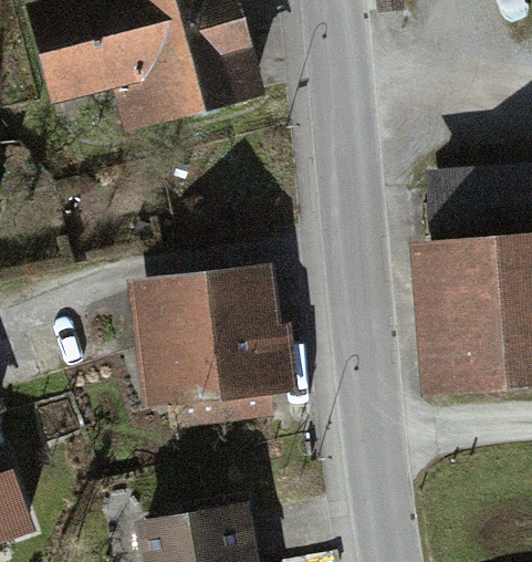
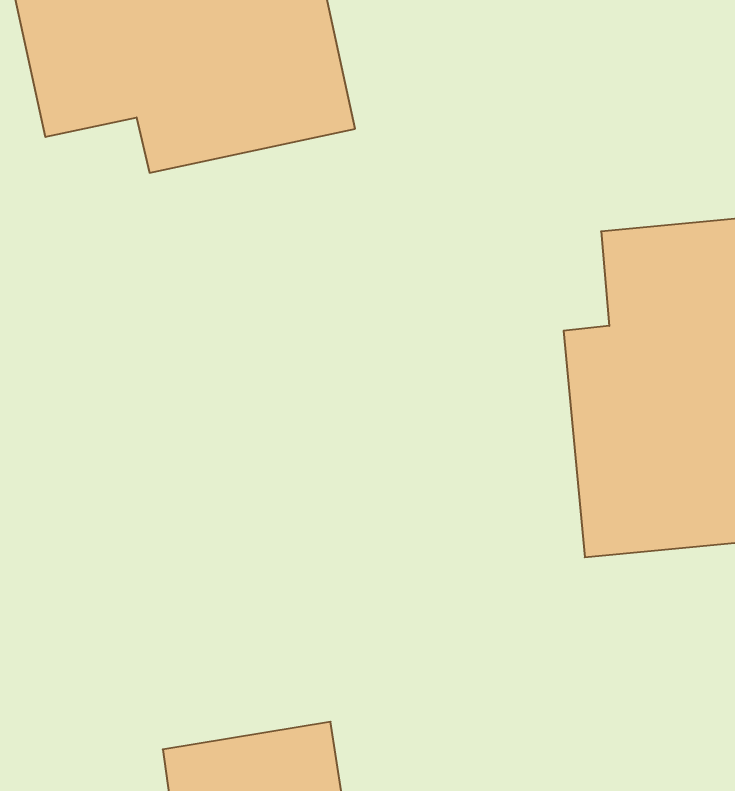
building: [134,264,302,424] -> none

